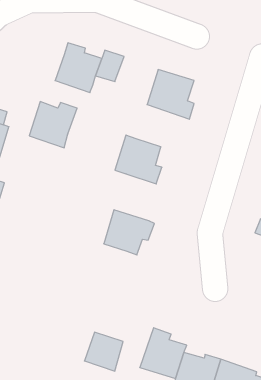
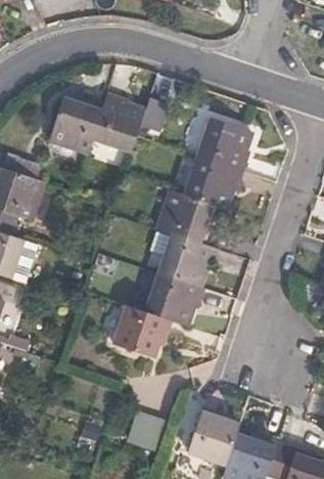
building: [29,102,77,148] -> [50,95,103,146]
building: none -> [183,158,242,209]
building: none -> [158,234,217,287]
building: none -> [114,306,173,360]

